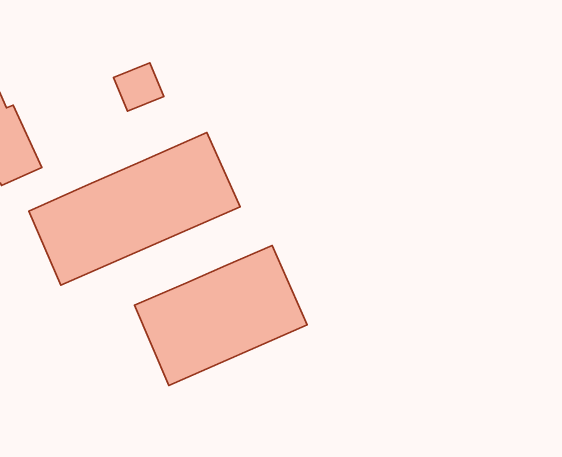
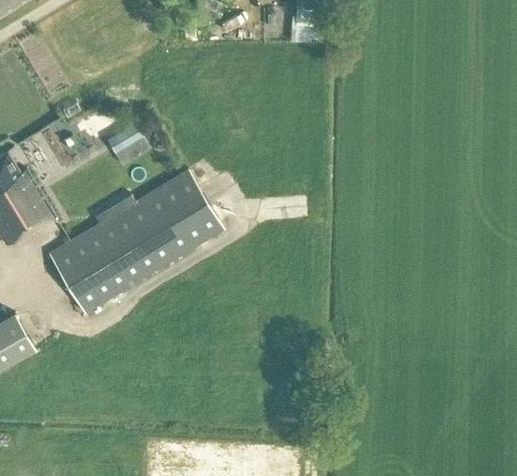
building: [134,245,307,385] -> none

